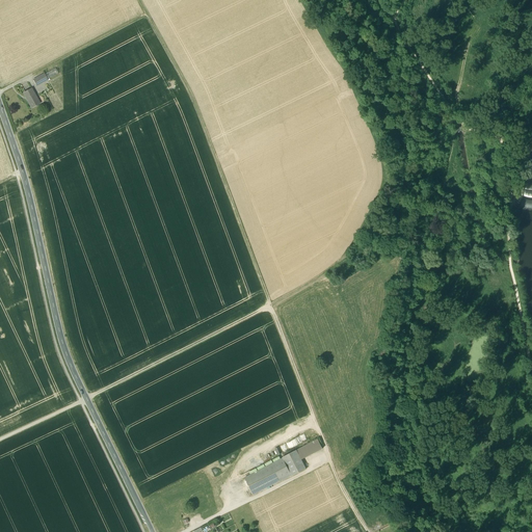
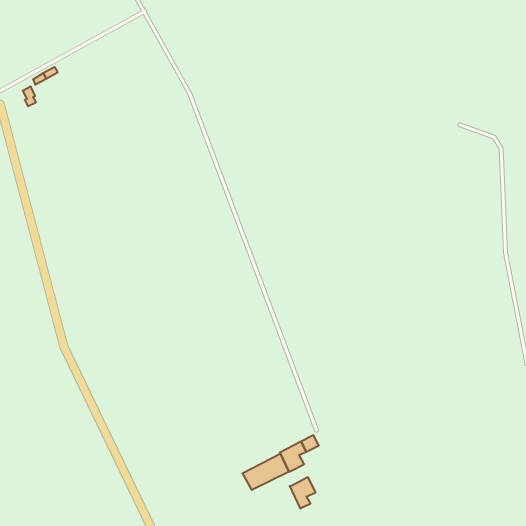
building: none -> [290,477,315,509]

